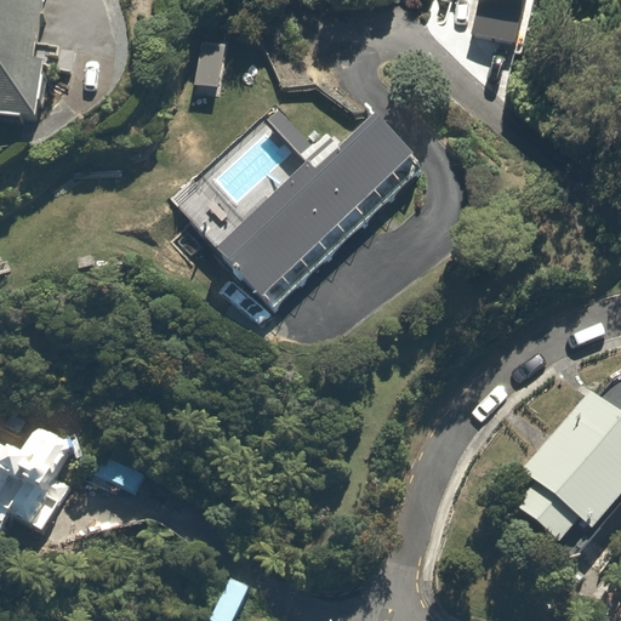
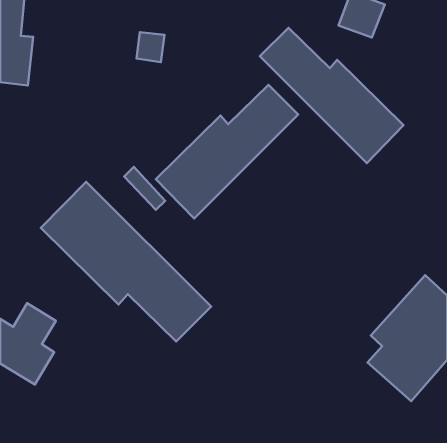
building: none -> [260,28,404,163]
building: none -> [41,182,211,341]

